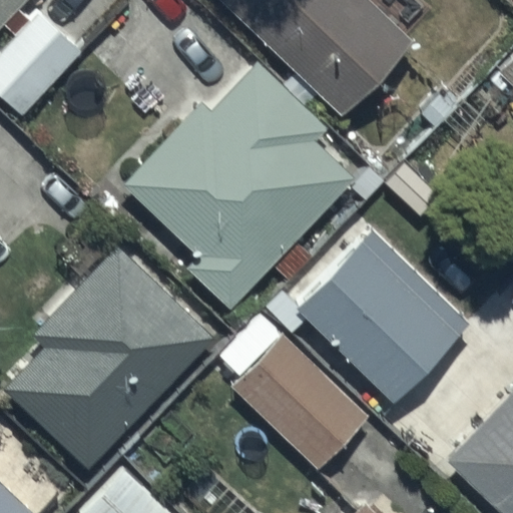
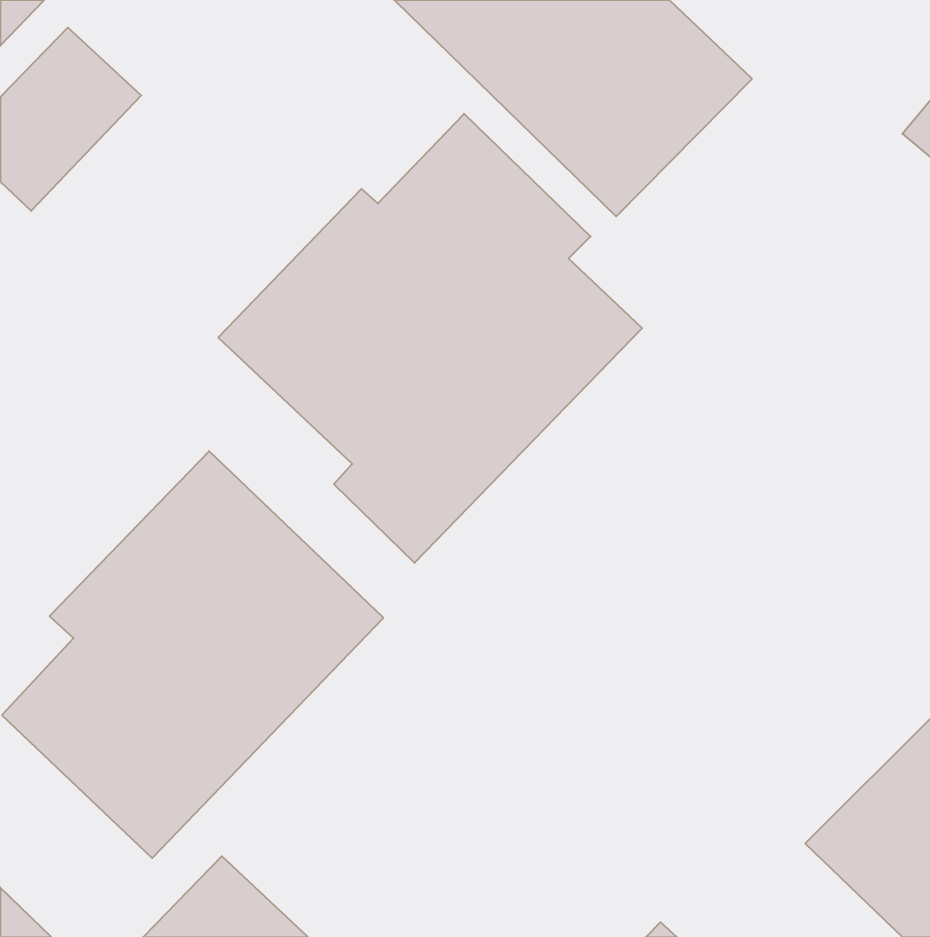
building: [299,231,470,402] -> none
building: [230,334,371,471] -> none

